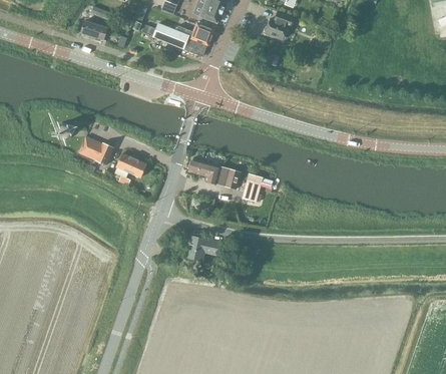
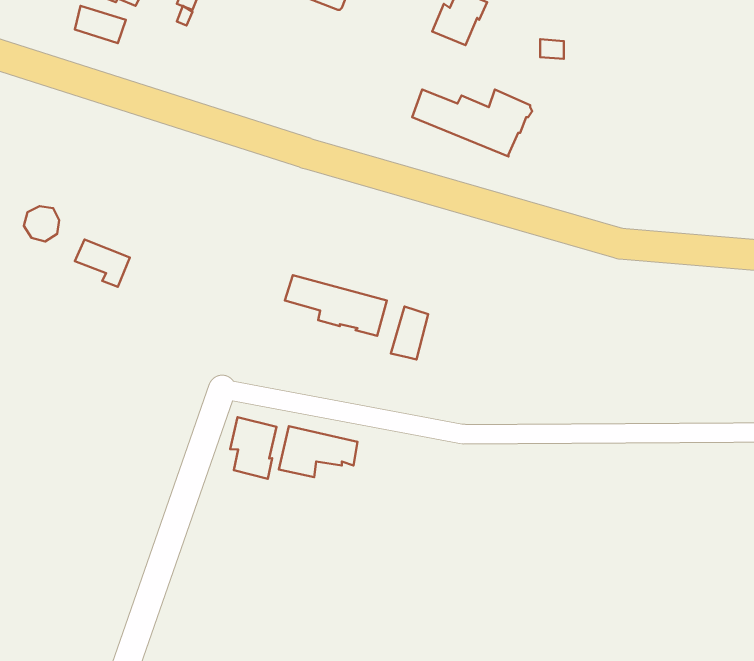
building: [152,22,213,56] -> [412,90,532,156]
building: [113,152,145,184] -> none
building: none -> [230,417,276,479]

